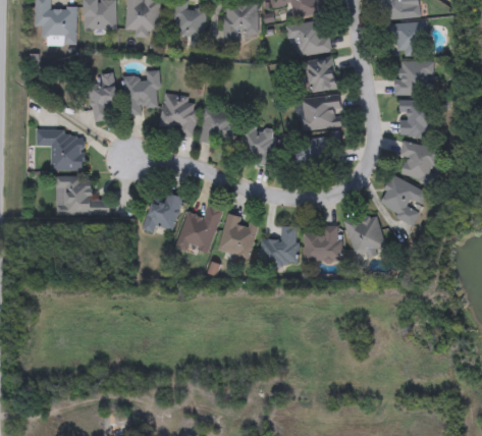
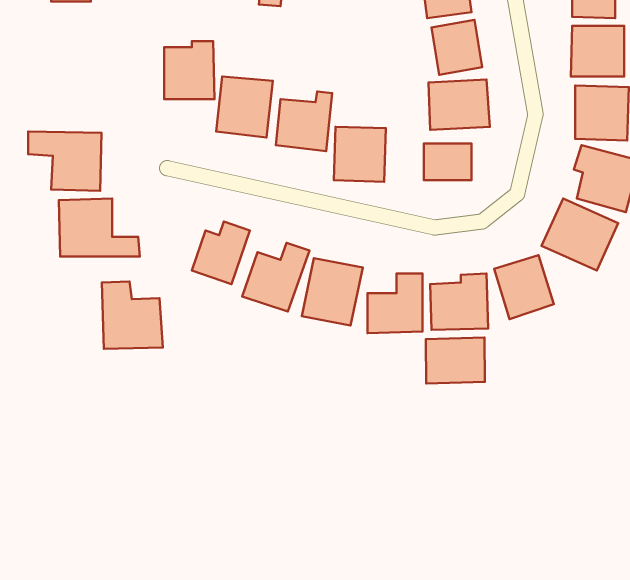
building: [89,72,118,121] -> none
building: none -> [102,282,163,349]
building: none -> [426,338,485,384]

